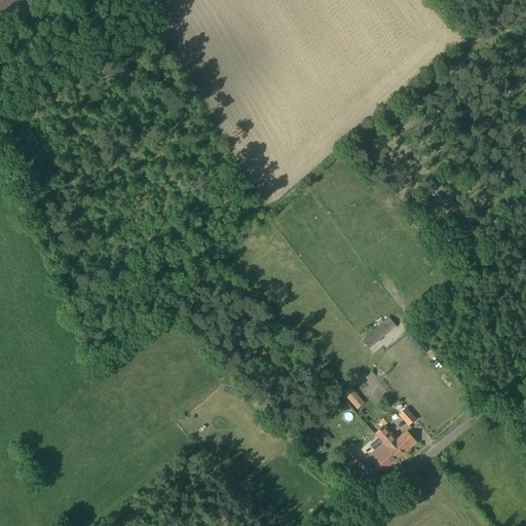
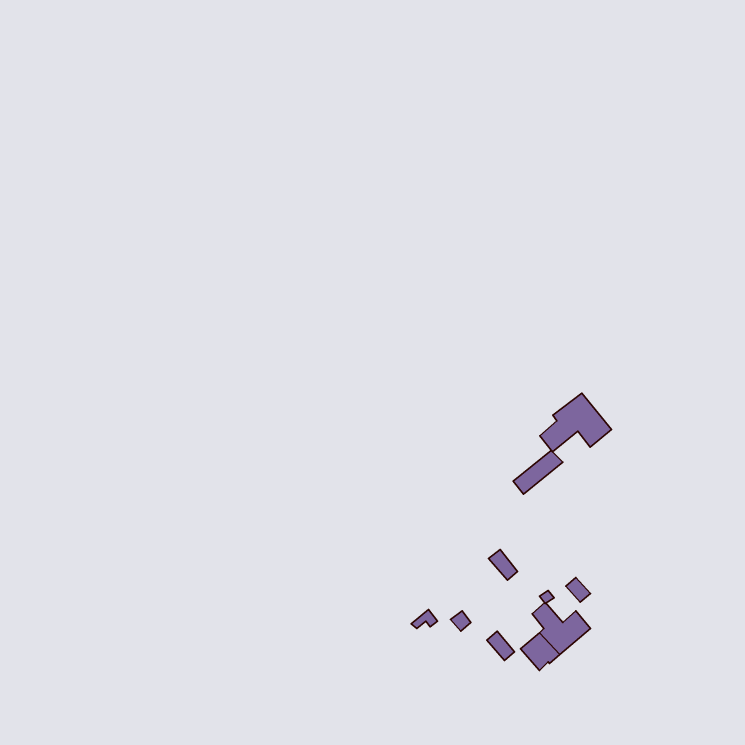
building: none -> [540,393,612,452]

